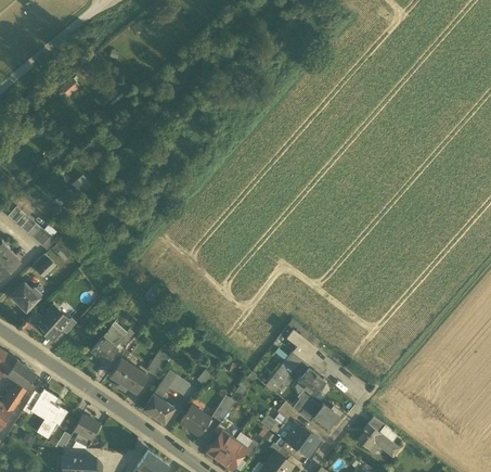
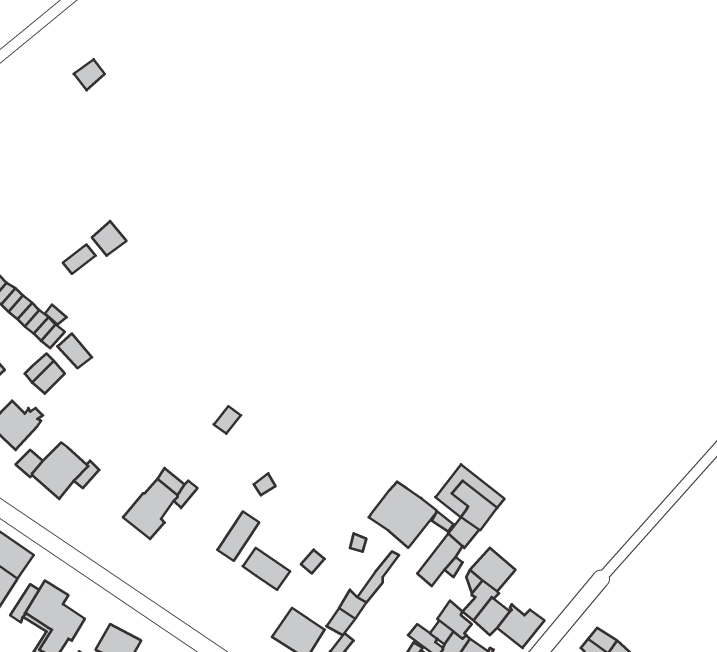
building: none -> [369,482,436,548]
building: [109,359,147,394] -> none
building: [143,381,173,423] -> none

